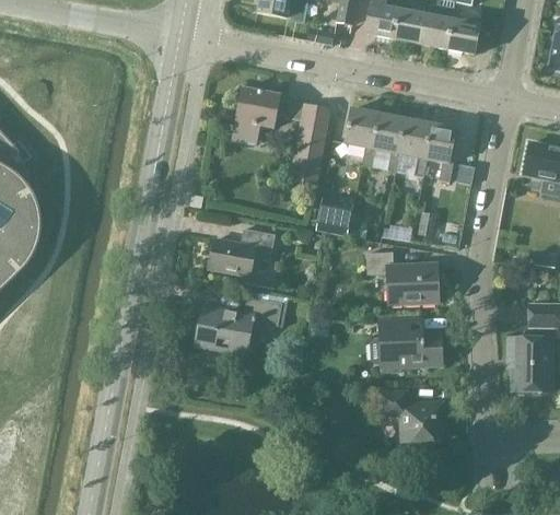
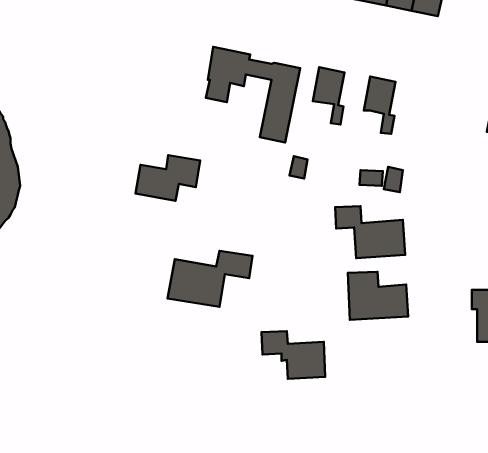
building: [370,113,402,172] -> none
building: [422,122,455,180] -> none
building: [208,229,275,276] -> [135,155,200,201]
building: [380,390,445,440] -> [261,331,325,379]

